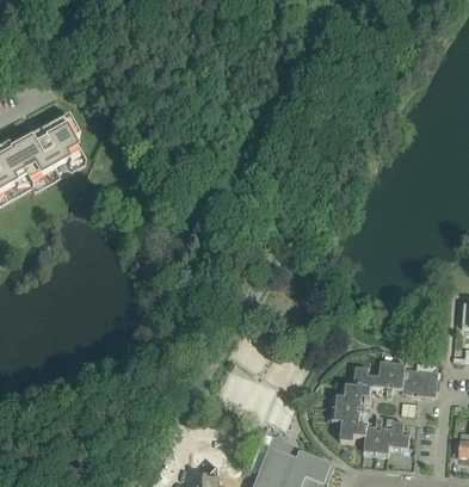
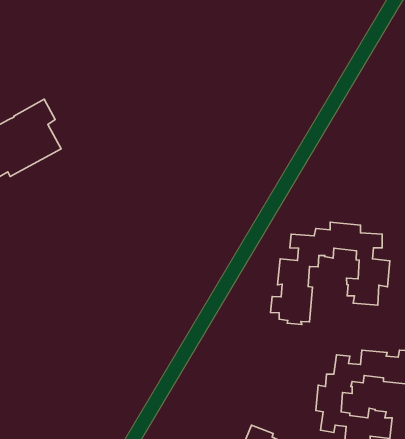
building: none -> [270,222,390,324]

